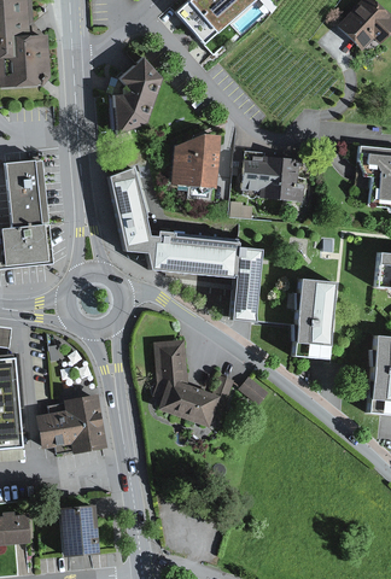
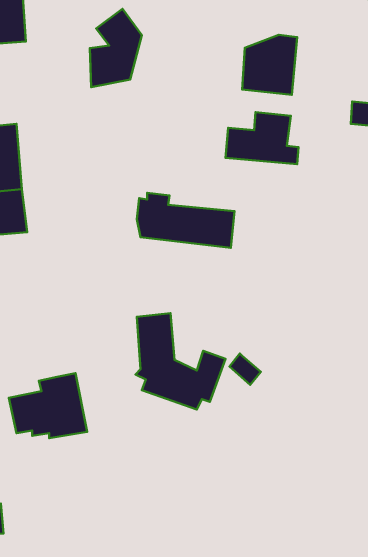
building: [175,131,226,187] -> [242,35,297,95]
building: [113,168,154,251] -> none
building: [237,244,267,318] -> none
building: [298,281,337,356] -> none
building: [59,504,99,555] -> none

